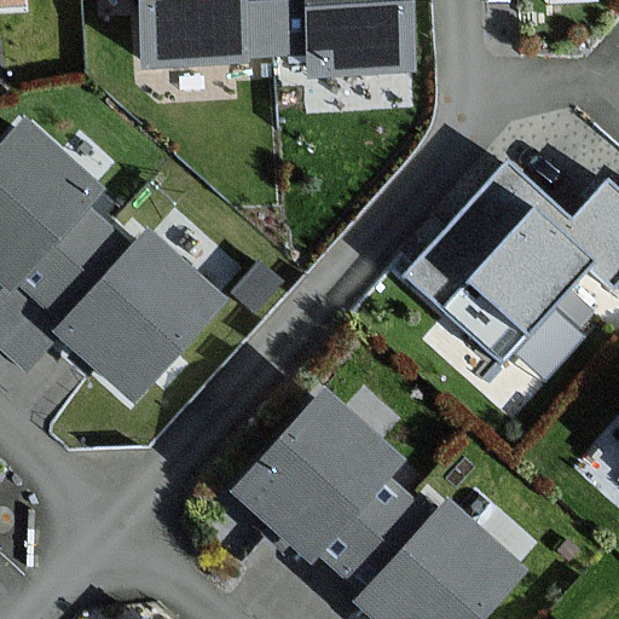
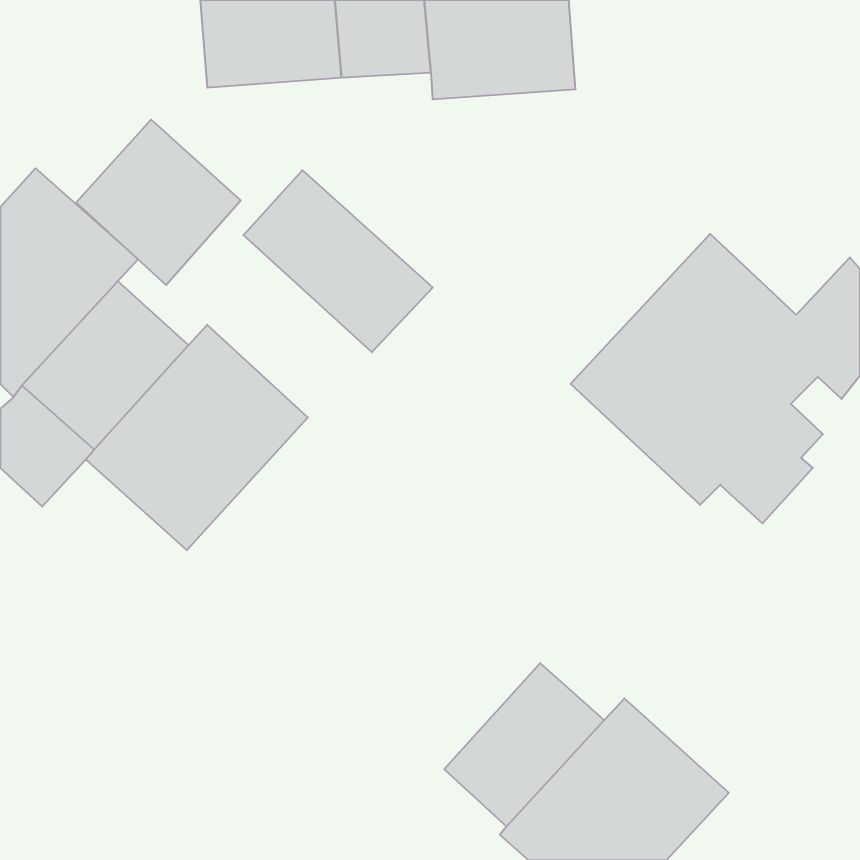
building: none -> [76,120,241,285]
building: none -> [243,170,433,352]
building: [233,391,403,561] -> none

